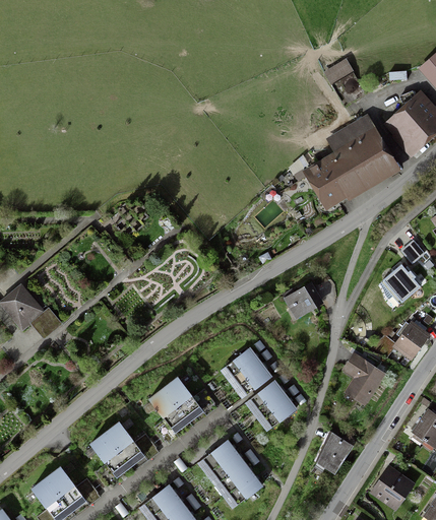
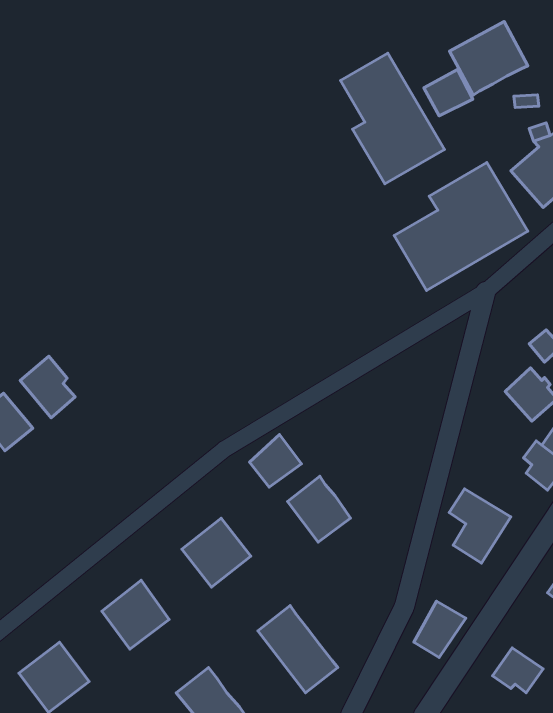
building: none -> [449,22,528,95]
building: none -> [340,53,444,184]
building: none -> [20,356,75,418]
building: [284,283,324,321] -> none
building: none -> [249,435,302,487]
building: [250,379,298,429] -> none

